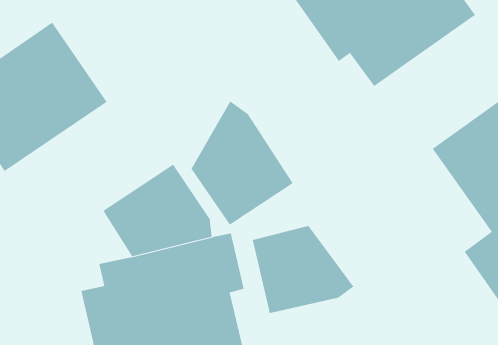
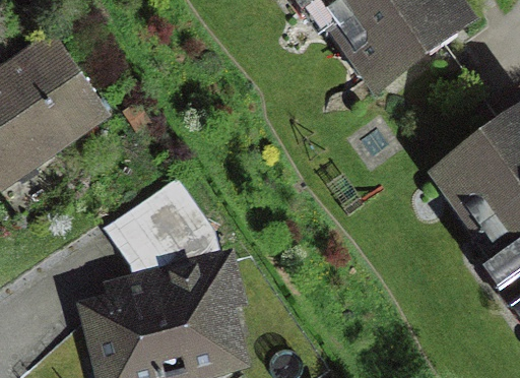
building: [191,100,294,226] -> none
building: [252,225,354,314] -> none

